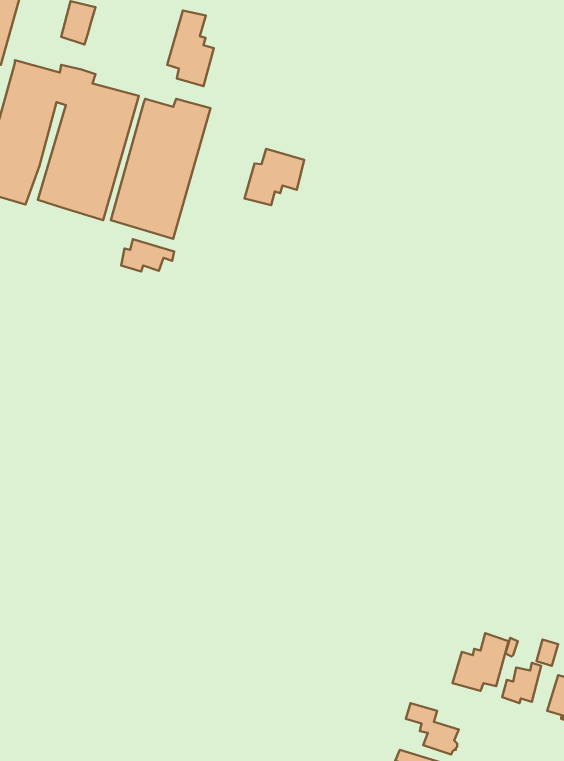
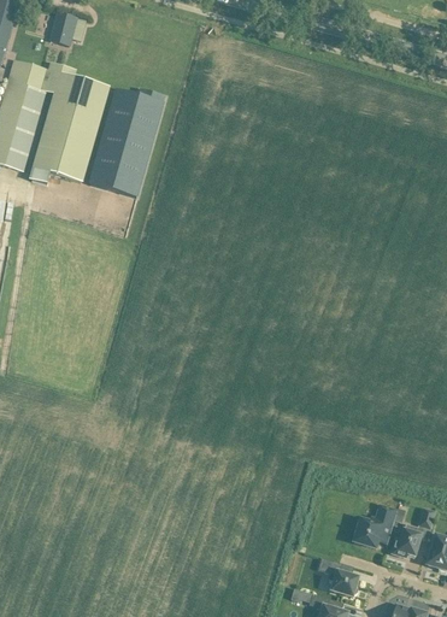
building: [167,10,214,86] -> none
building: [244,149,304,205] -> none
building: [121,239,174,271] -> none

